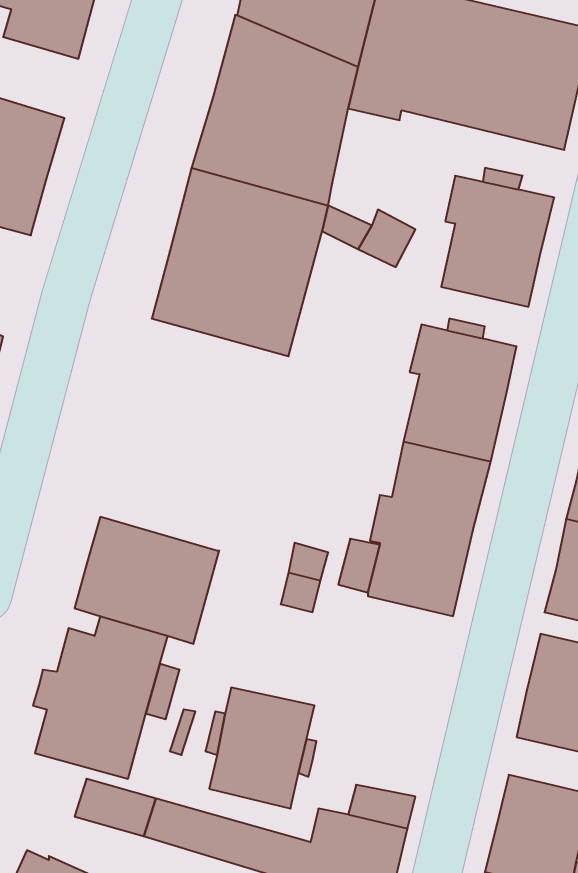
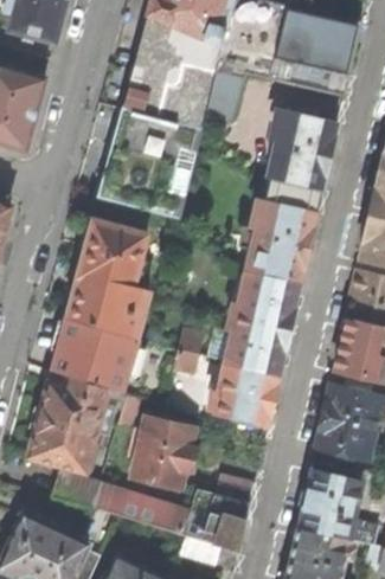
building: none -> [205,72,245,124]
building: none -> [66,221,149,336]
building: none -> [208,364,277,424]

